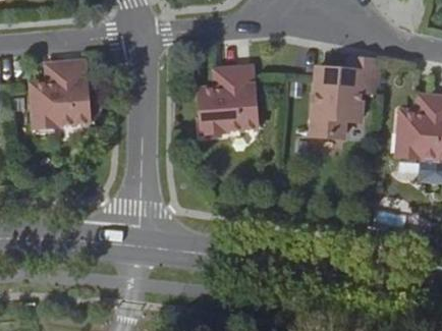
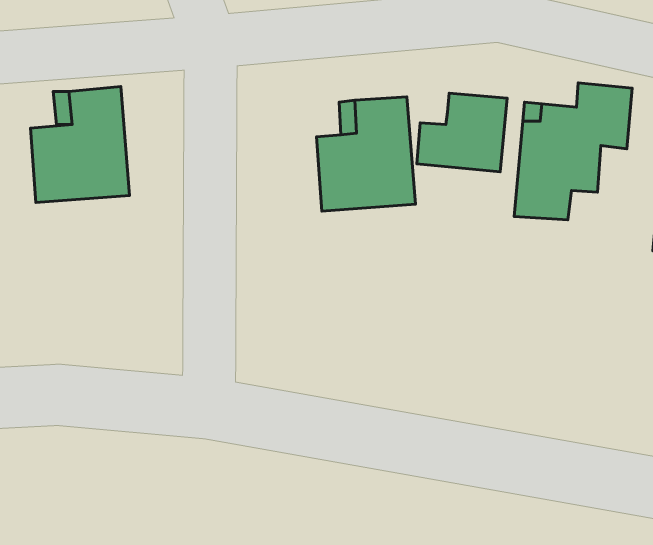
building: none -> [417,93,507,172]

